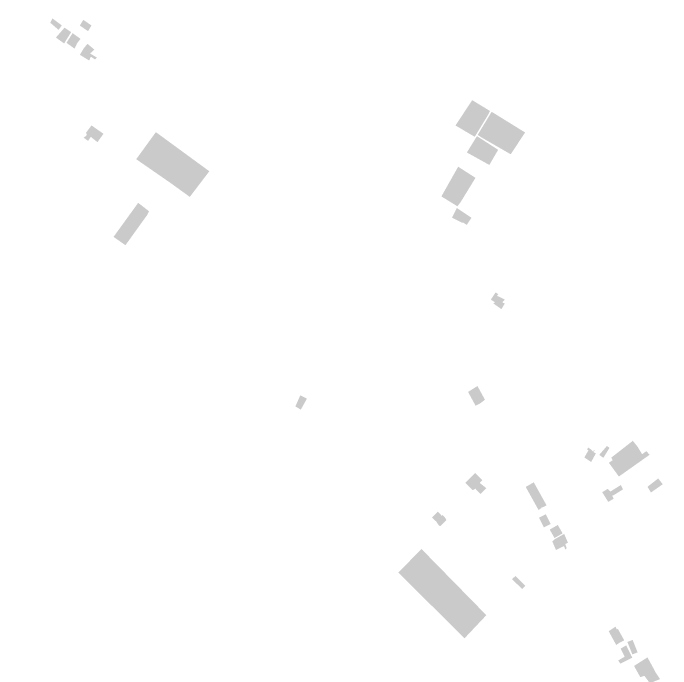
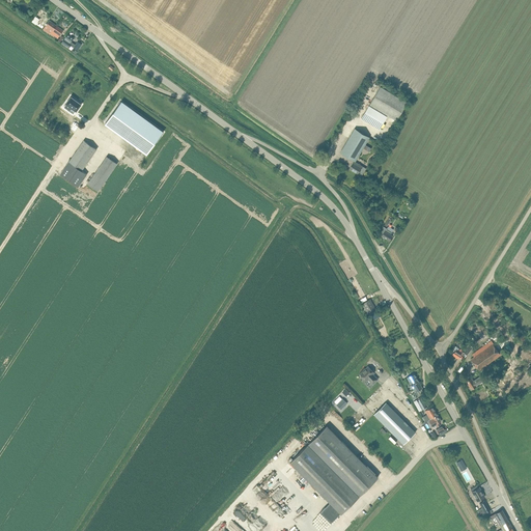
building: [454,99,491,138] -> none
building: none -> [60,141,96,188]
building: none -> [374,403,415,445]
building: none -> [289,445,360,524]

